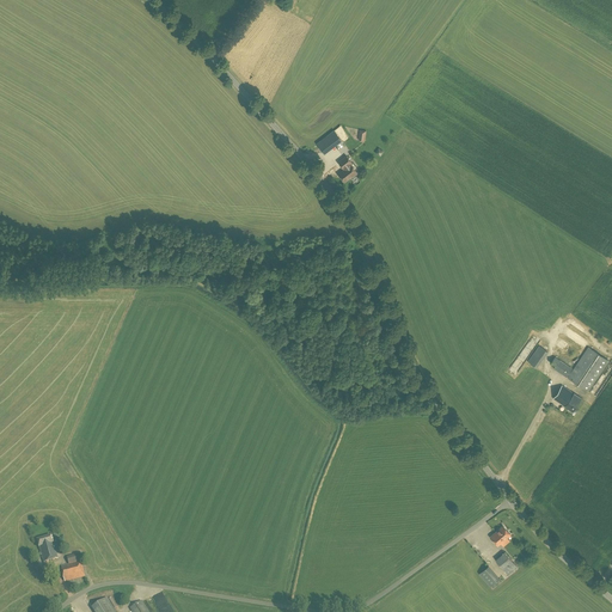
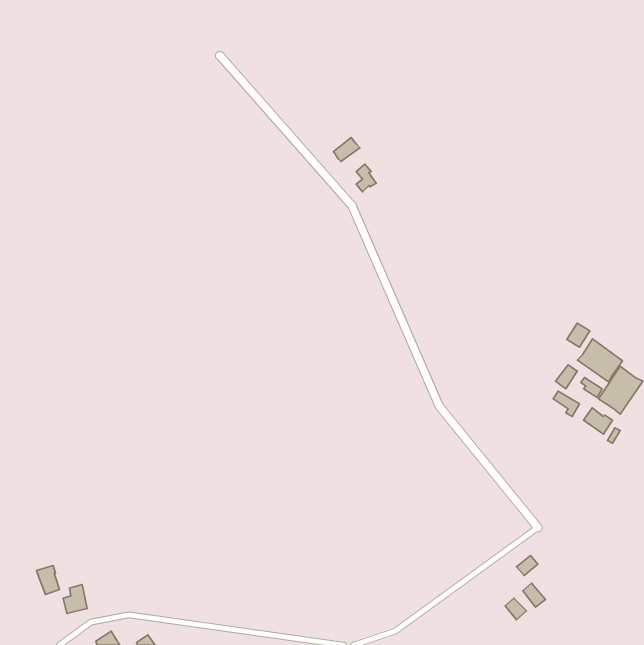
building: none -> [577,339,623,382]

